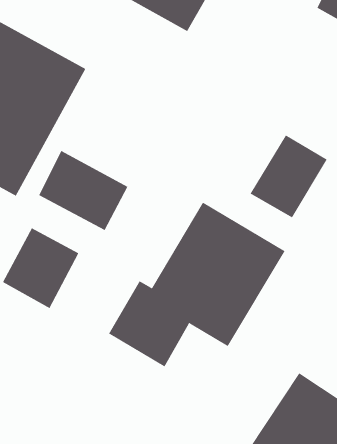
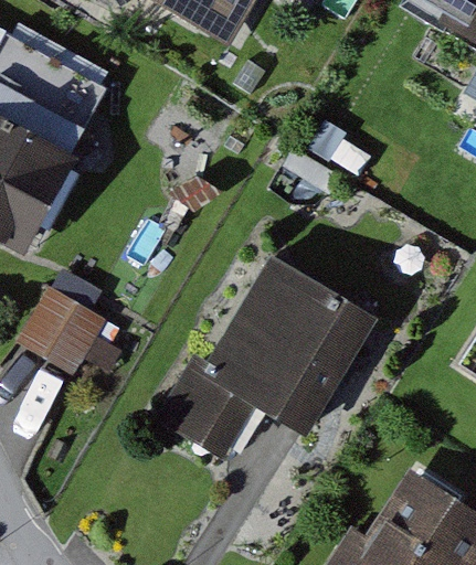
building: [250,134,327,218] -> none
building: [39,150,128,231] -> none

